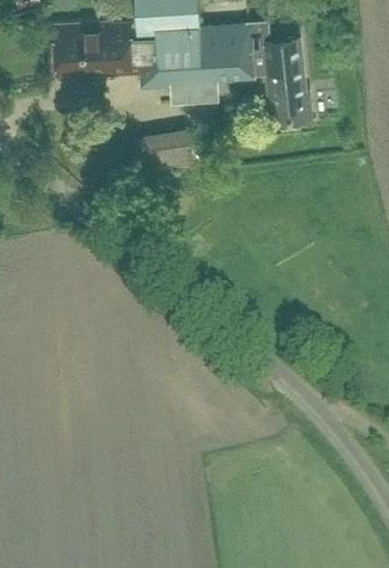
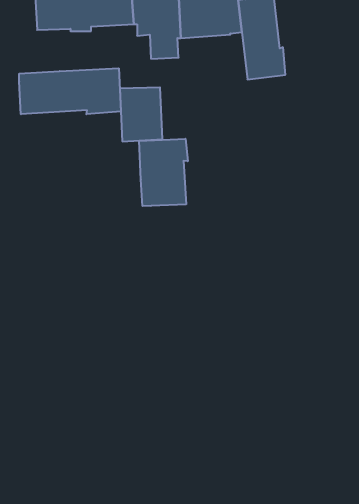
building: none -> [19,68,121,114]
building: none -> [139,139,188,206]

